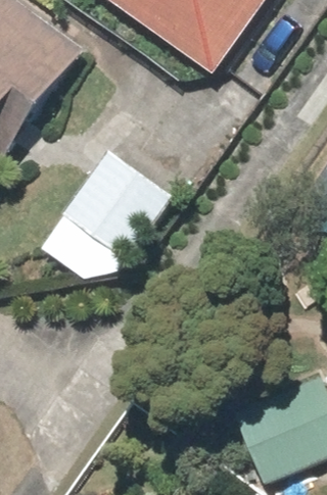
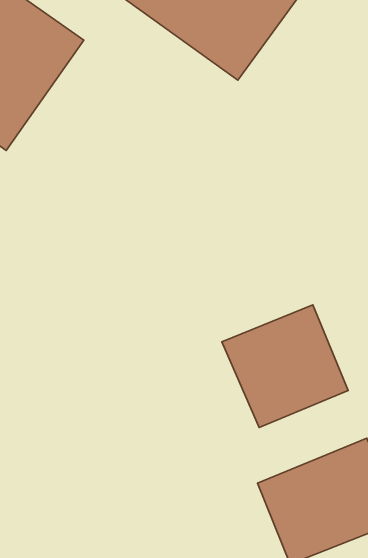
building: [42,154,172,280] -> none
building: none -> [222,305,348,428]

